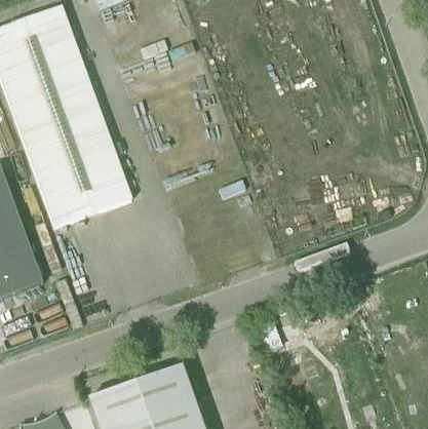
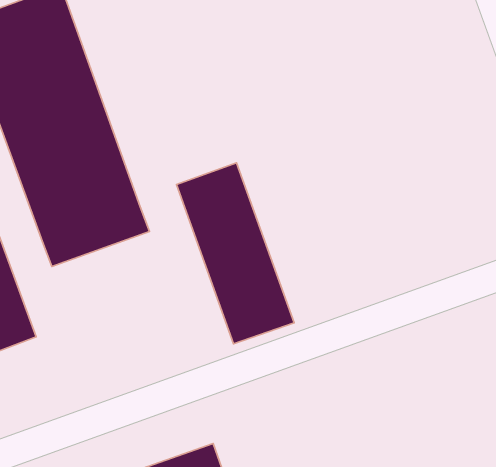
building: none -> [177,163,294,344]

